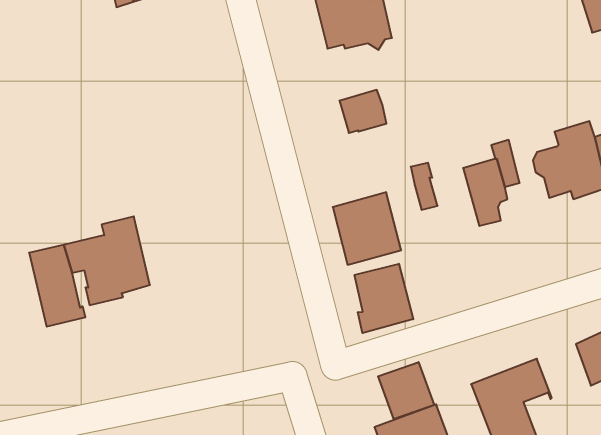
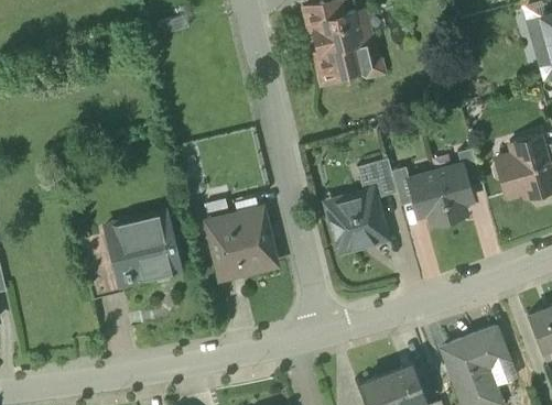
building: [339,90,386,133] -> [357,158,396,194]
building: none -> [408,172,448,225]
building: none -> [201,210,275,278]
building: [355,264,413,333] -> none
building: [378,362,434,419] -> none

